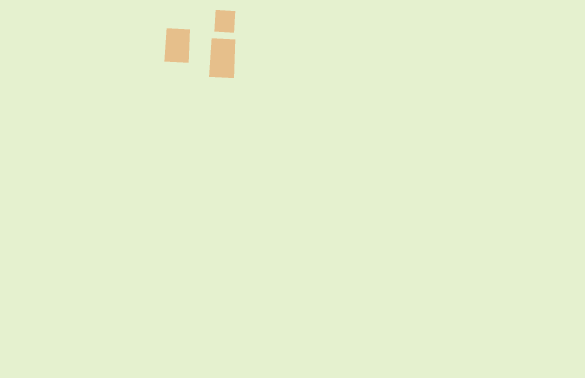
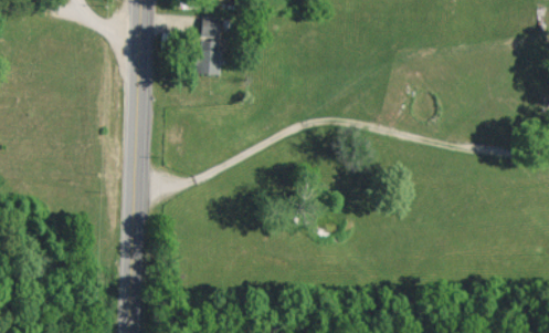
building: [163,28,191,63] -> none

